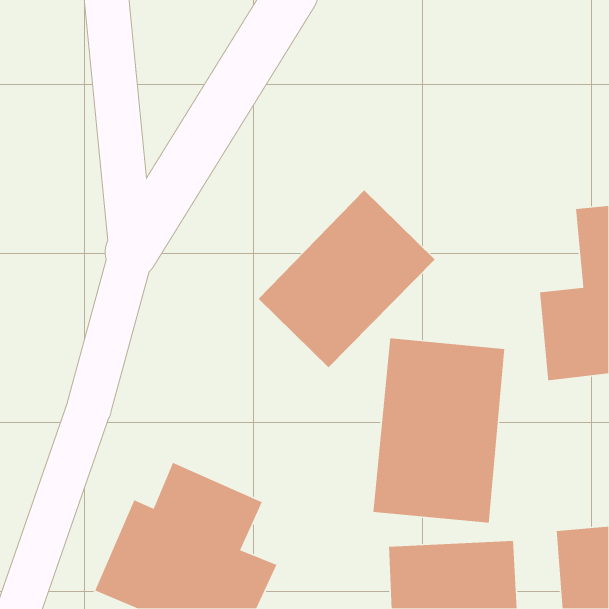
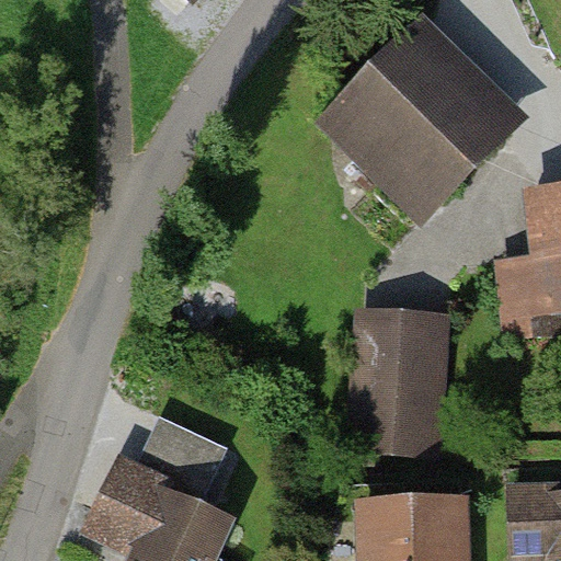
building: none -> [319,14,530,226]
building: [258,189,435,368] -> none

